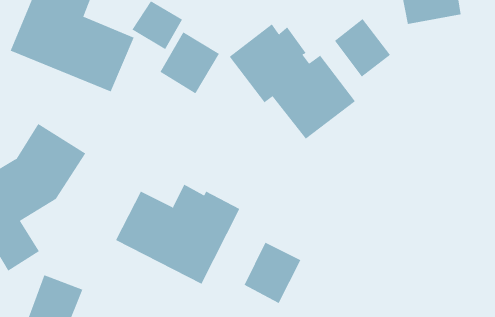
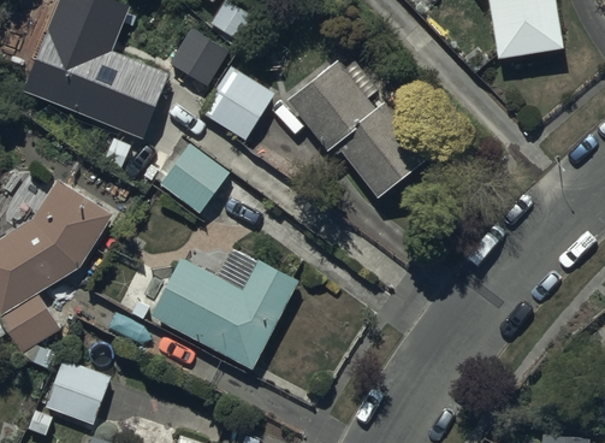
building: [334,18,391,78] -> none
building: none -> [152,140,230,217]
building: [244,242,301,304] -> none

